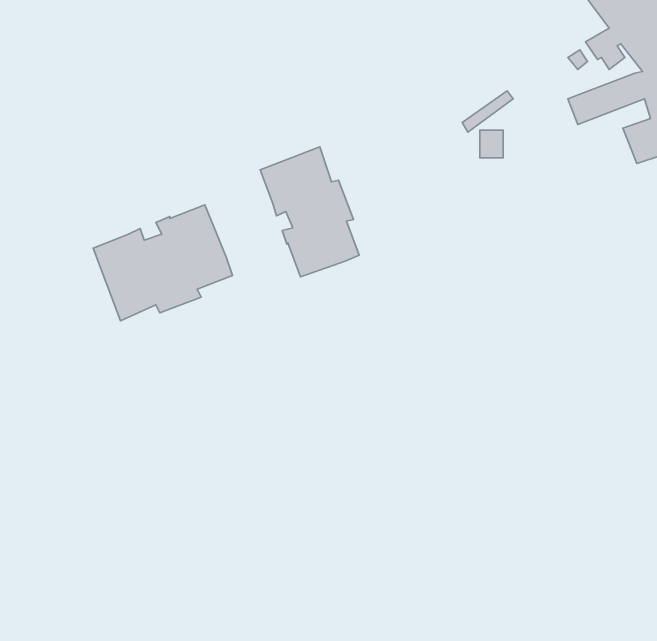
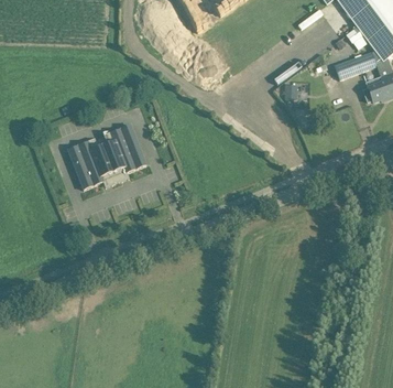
building: [260,147,359,277] -> none

